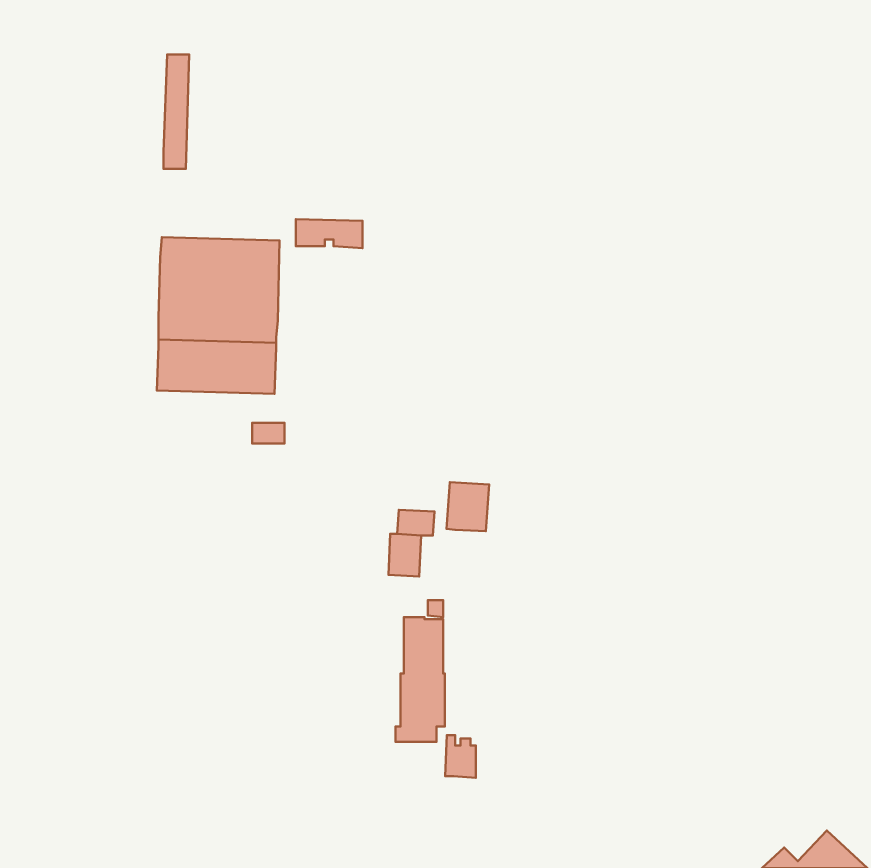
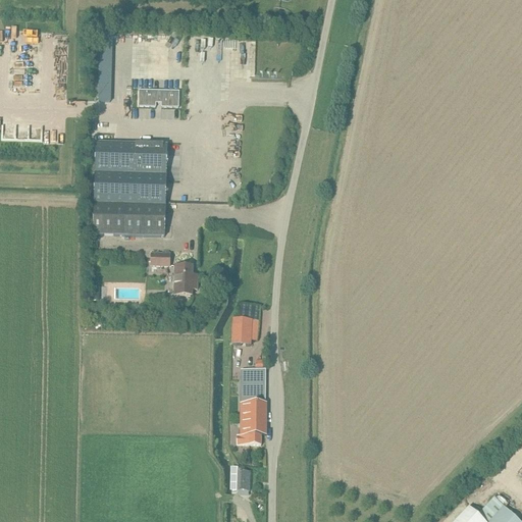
building: [296,219,362,248] -> [139,90,178,107]
building: none -> [174,265,198,296]
building: [446,482,489,531] -> none
building: [445,735,476,778] -> [231,466,250,491]

